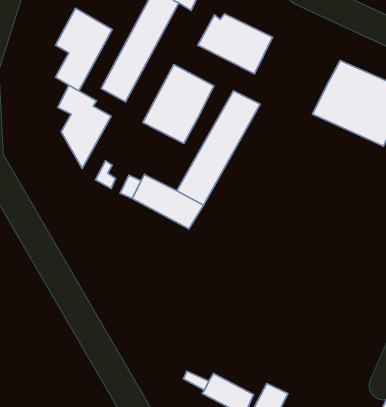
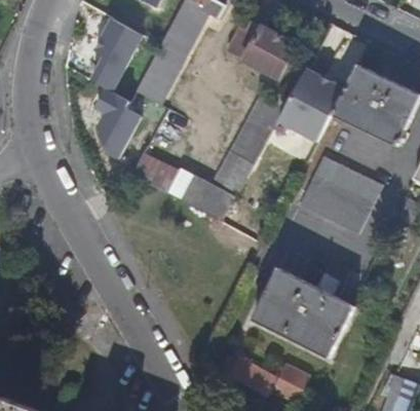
building: [143,65,214,144] -> [278,68,344,141]
building: none -> [299,155,384,233]
building: none -> [252,265,355,357]

